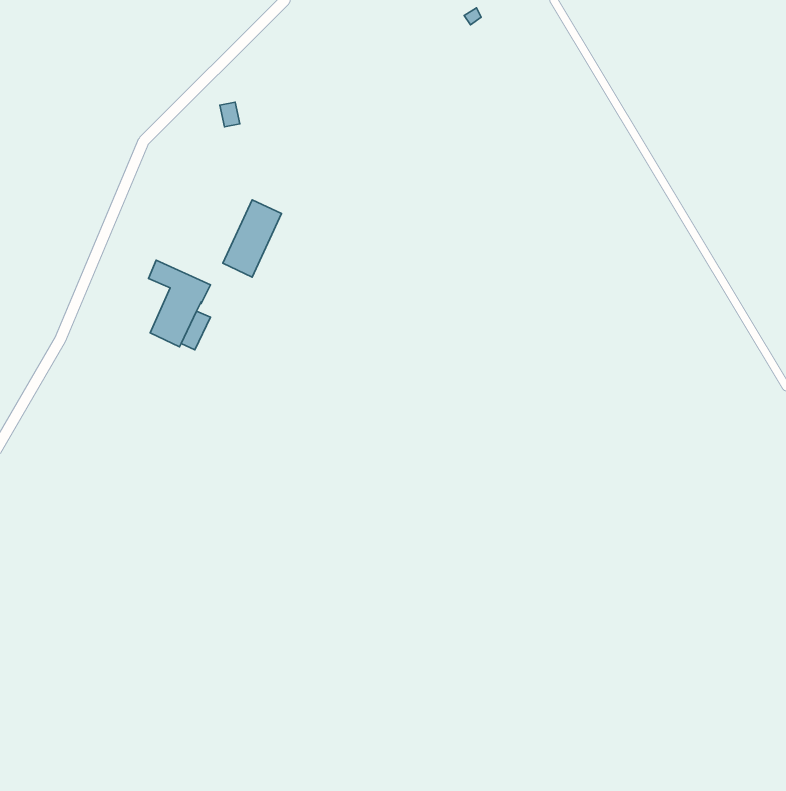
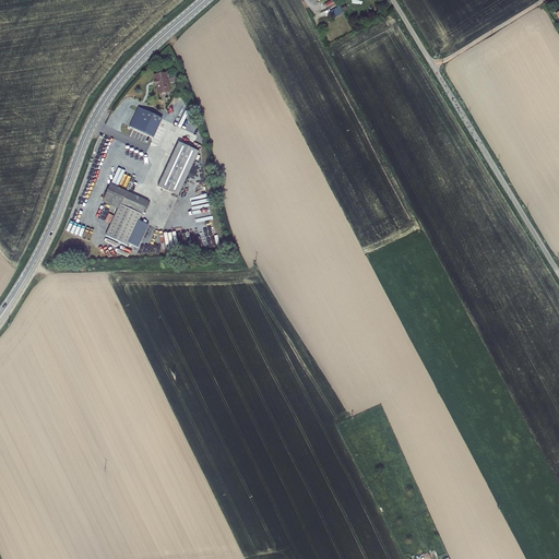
building: none -> [130,107,162,136]

